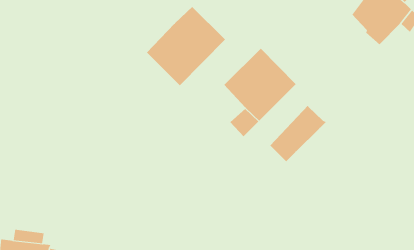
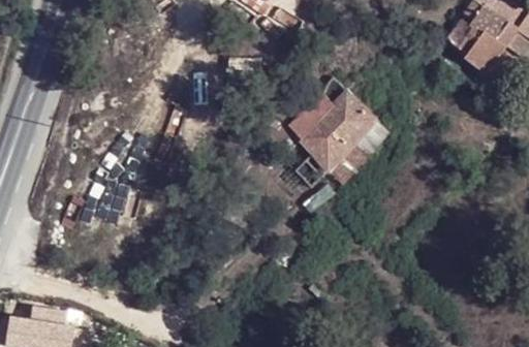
building: [146,6,226,86] -> none
building: [270,105,327,162] -> none

